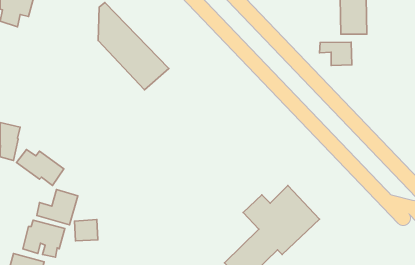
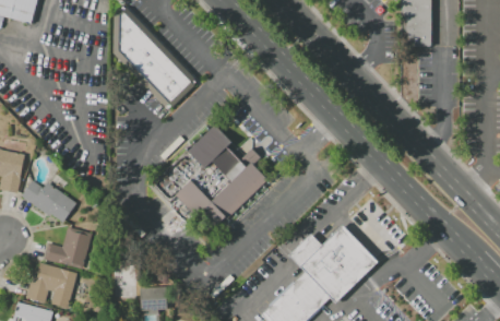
building: [319,42,352,66] -> none
building: none -> [154,123,273,234]
building: [75,219,98,241] -> [138,286,165,311]

